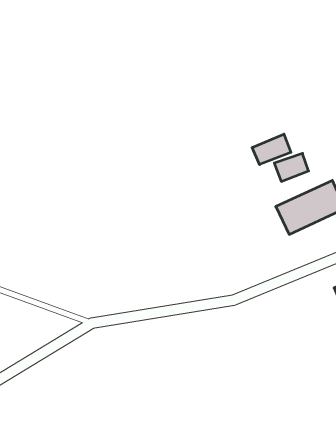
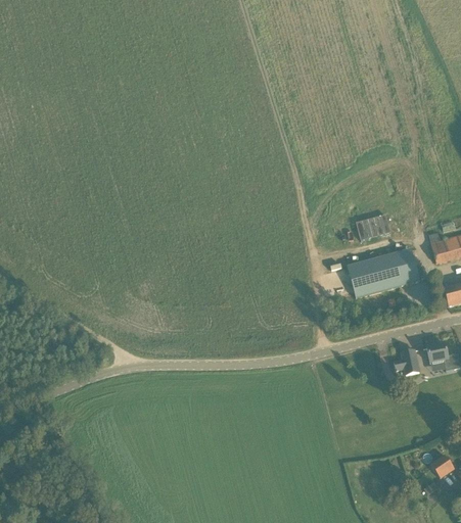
building: [252,134,291,165] -> none

